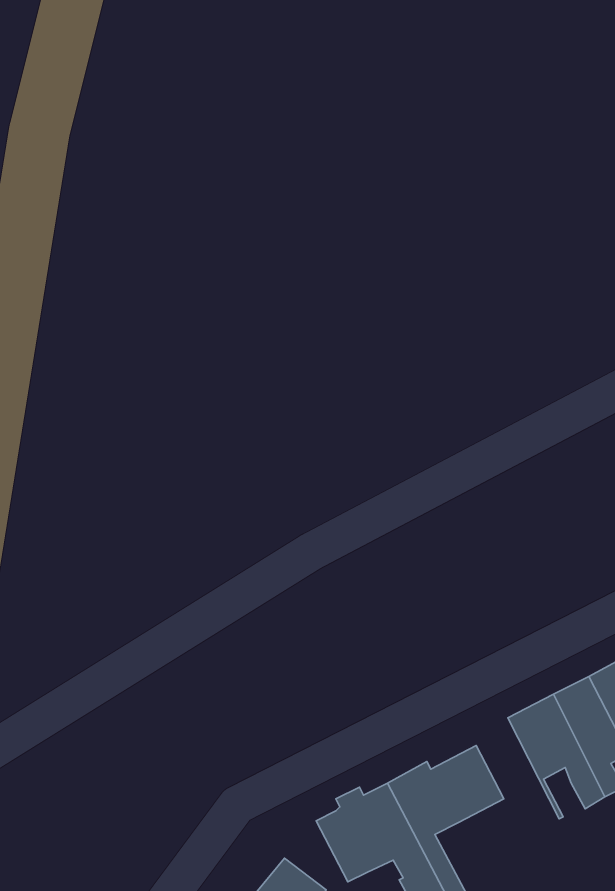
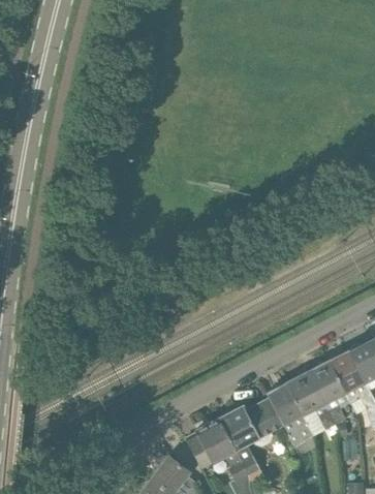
building: none -> [267,383,312,457]

